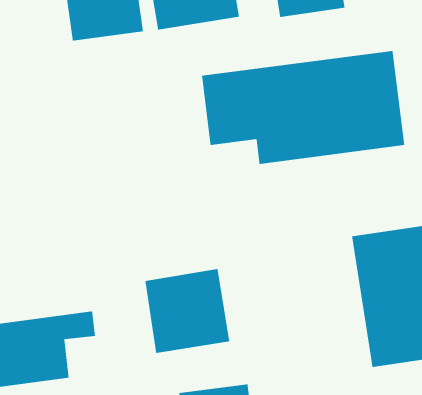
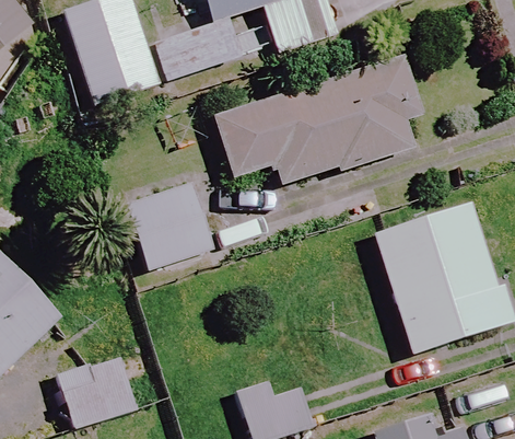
building: [145,268,230,354] -> [126,182,212,268]

